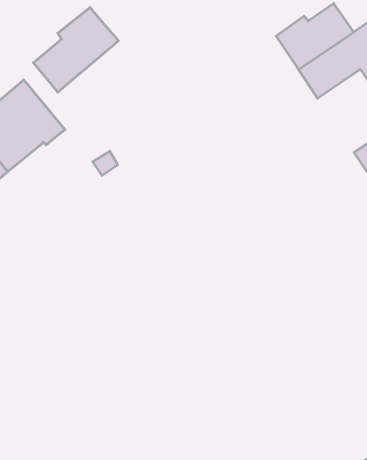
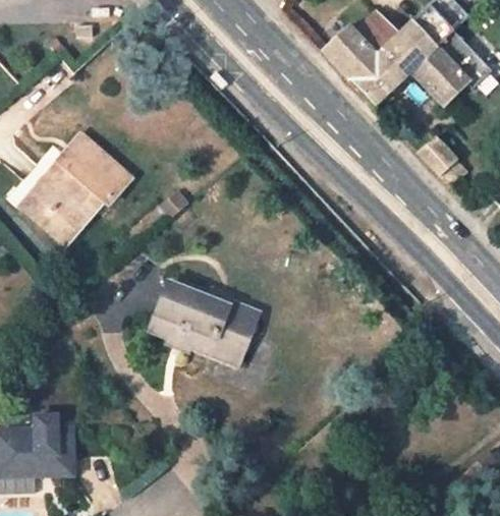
building: [33,7,118,92] -> none
building: none -> [148,283,257,363]

